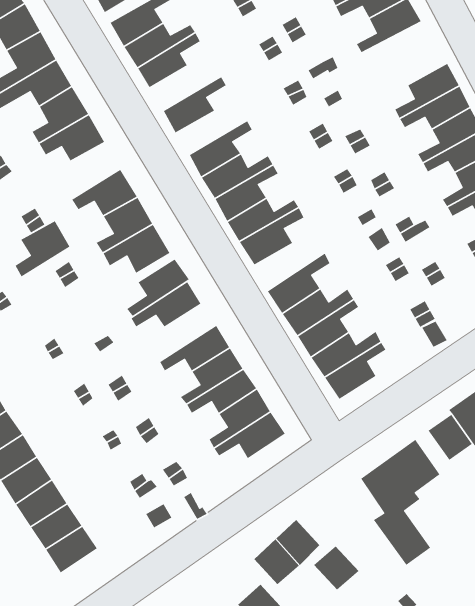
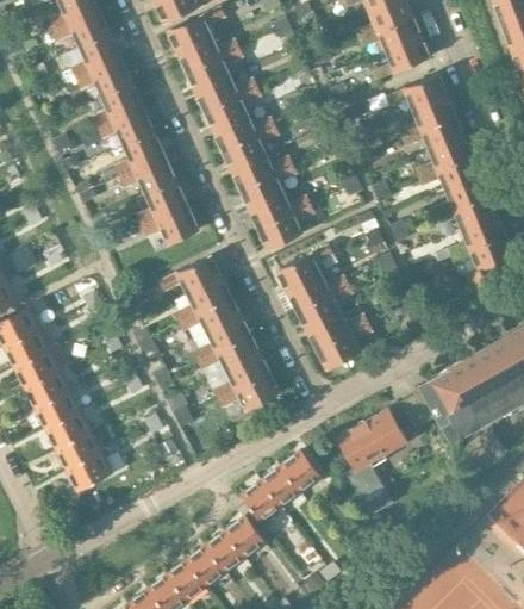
building: none -> [385,75,448,111]
building: none -> [195,75,257,111]
building: none -> [213,116,275,150]
building: [14,220,71,278] -> [116,132,164,178]
building: [126,259,190,317] -> [175,276,231,322]
building: [313,545,359,591] -> [281,452,319,490]

